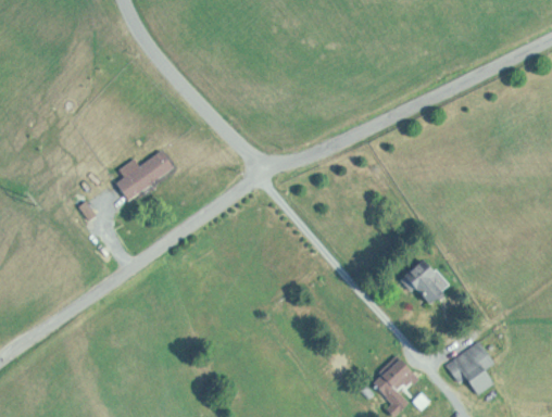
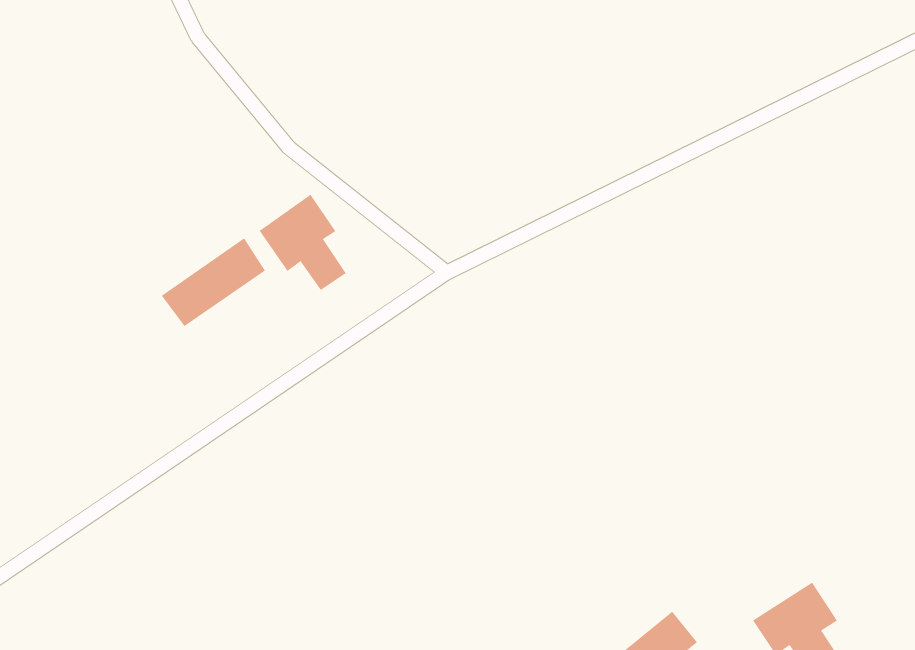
building: none -> [259,194,347,291]
building: [403,257,451,305] -> none

